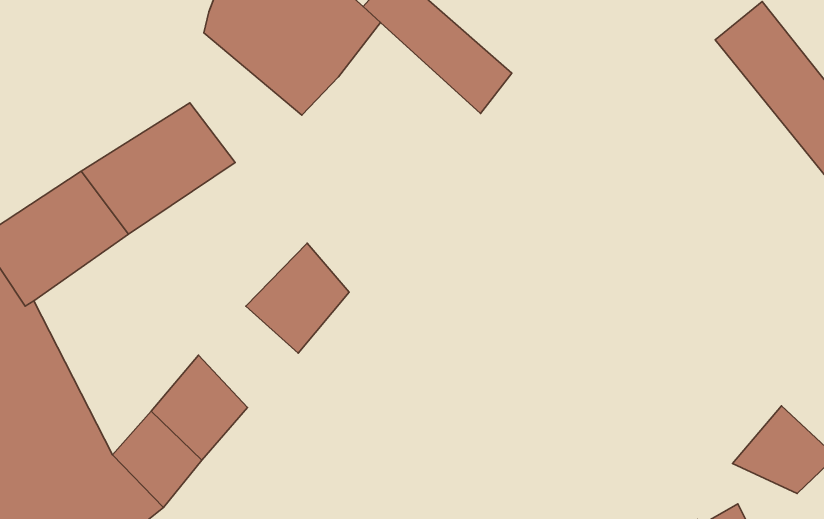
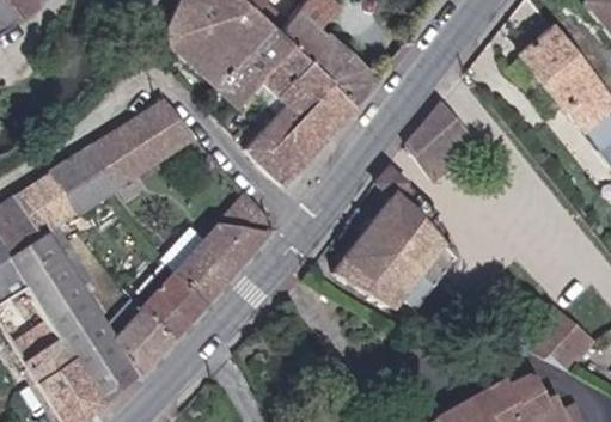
building: none -> [255,43,361,186]
building: none -> [399,99,478,181]
building: none -> [317,171,446,314]
building: none -> [170,237,237,306]

